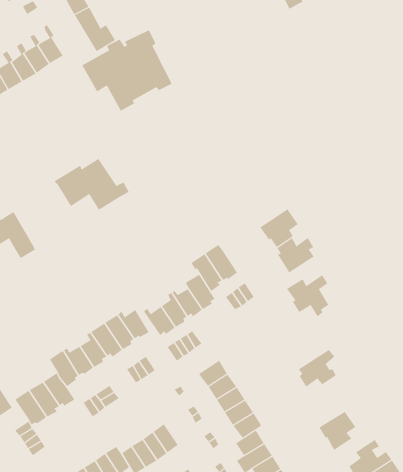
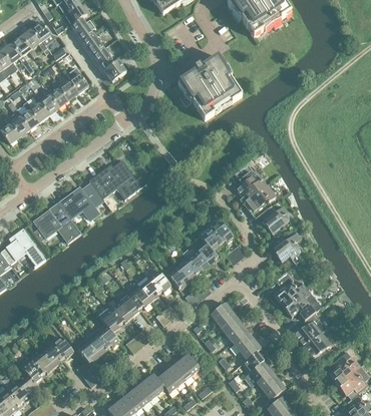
building: [82,29,173,112] -> [172,56,242,119]
building: none -> [235,163,266,201]
building: none -> [58,182,104,220]
building: none -> [274,272,306,305]
building: none -> [294,307,322,347]

